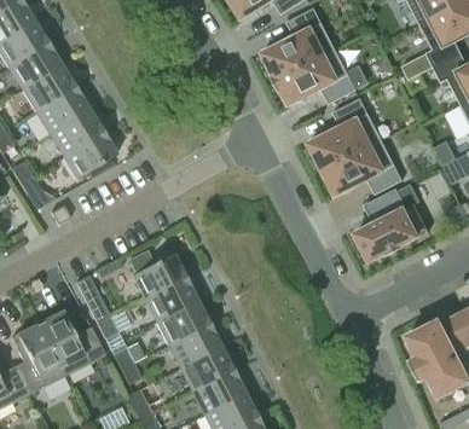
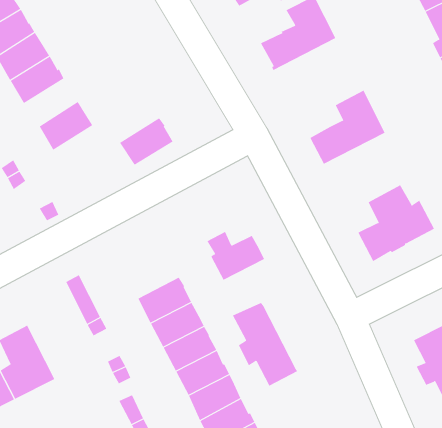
building: [273,47,355,104] -> none
building: [35,86,87,132] -> none
building: [63,131,115,176] -> [119,117,173,165]
building: [322,138,401,195] -> none
building: [128,249,184,296] -> [207,231,265,280]
building: none -> [232,302,298,387]
building: [39,307,104,373] -> none

